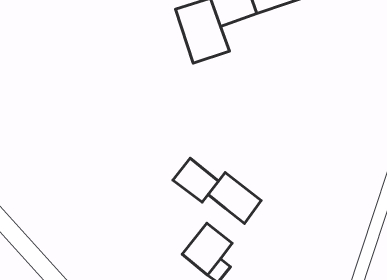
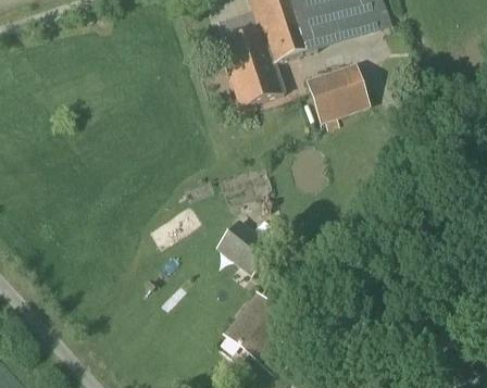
building: none -> [308,65,369,120]
building: [208,173,261,223] -> none

